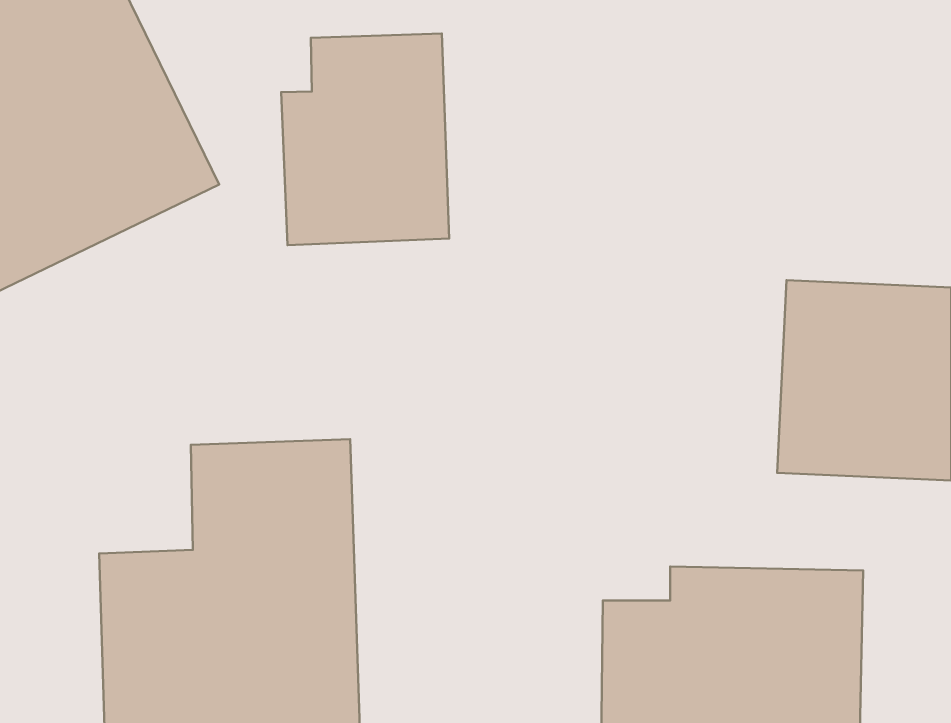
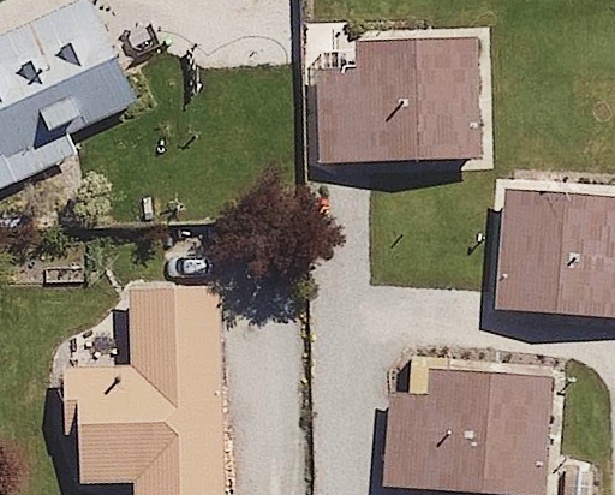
building: [281,33,449,245] -> none
building: none -> [310,34,482,163]

